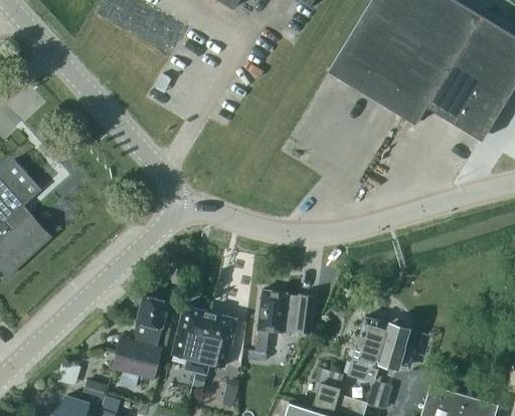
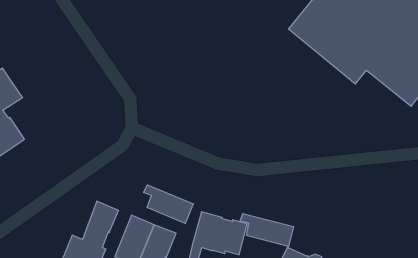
building: none -> [144,185,193,224]
building: none -> [240,213,294,247]

